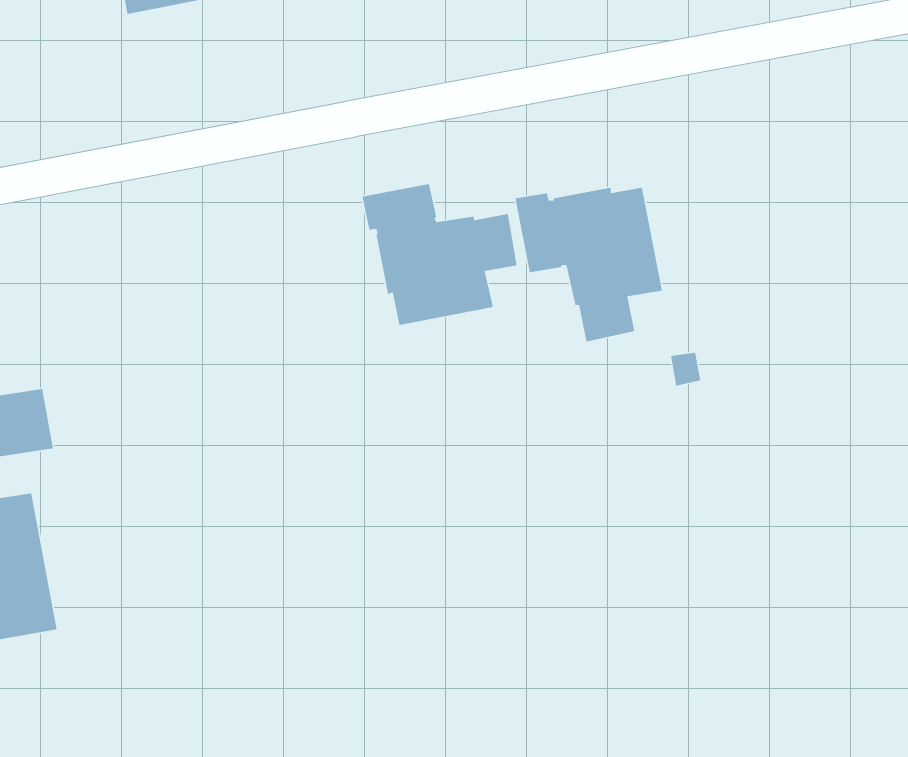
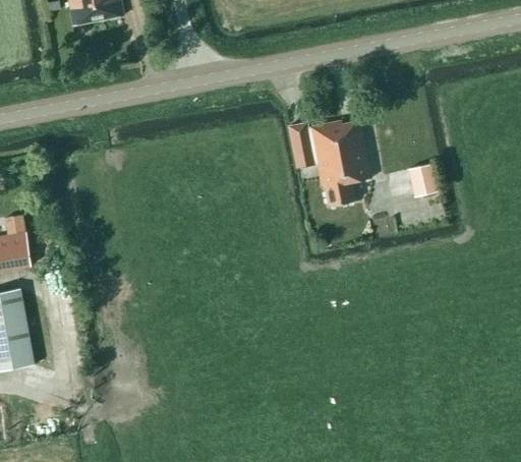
building: [361,183,517,326] -> none
building: none -> [407,162,440,196]

